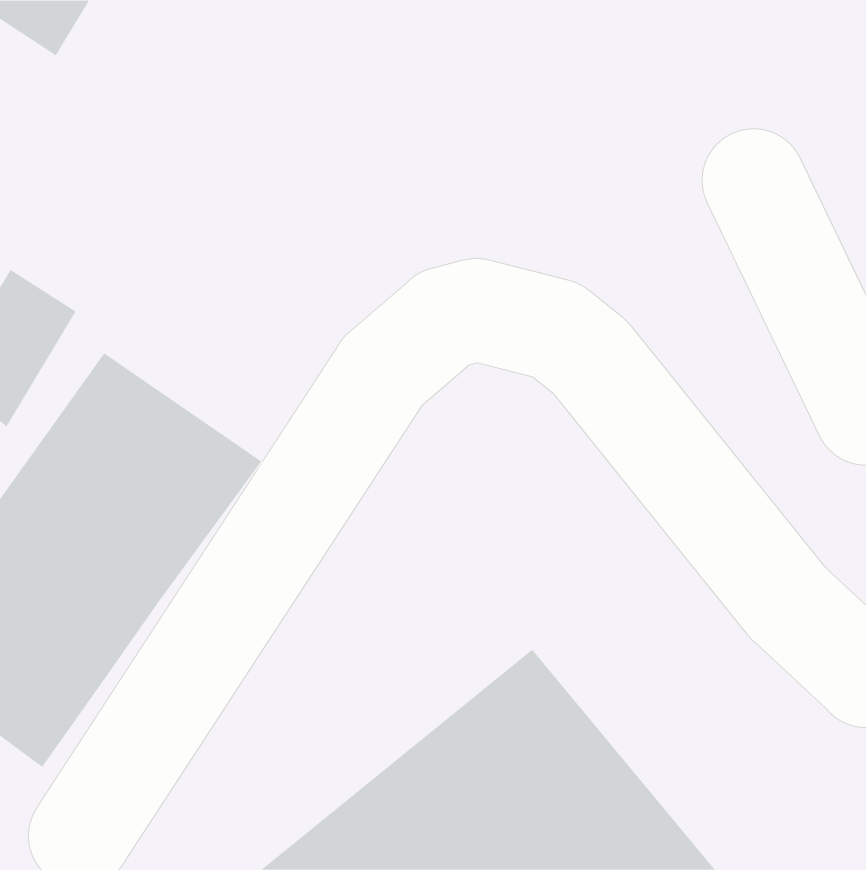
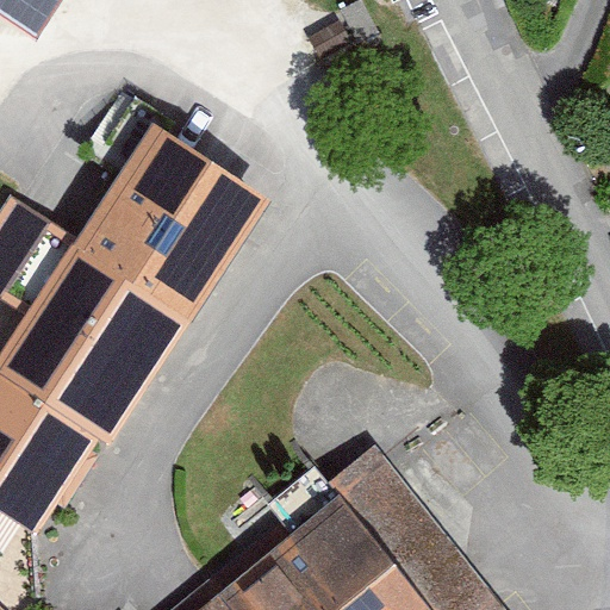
building: none -> [73,127,266,323]

